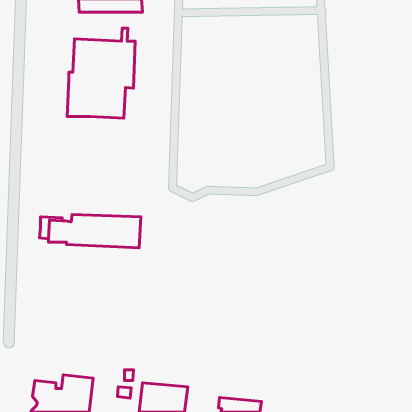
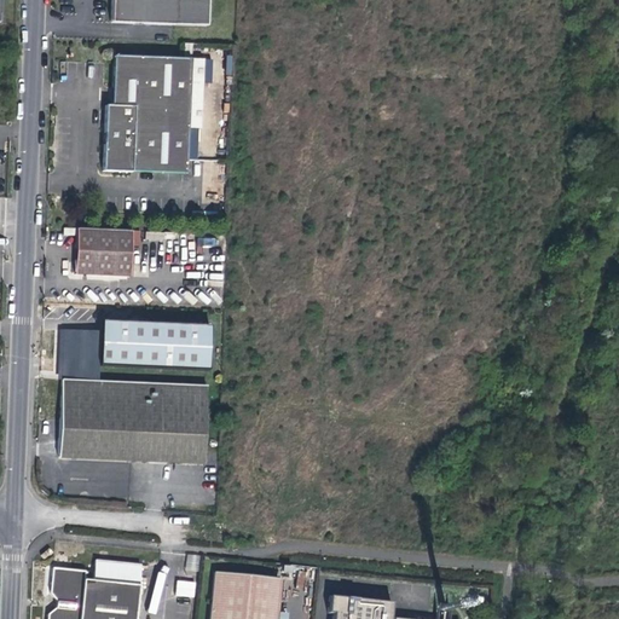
building: none -> [76,227,133,274]
building: none -> [60,378,208,463]

